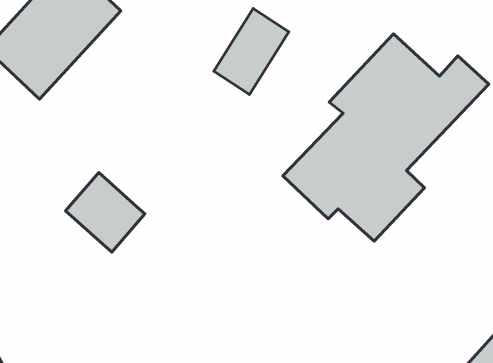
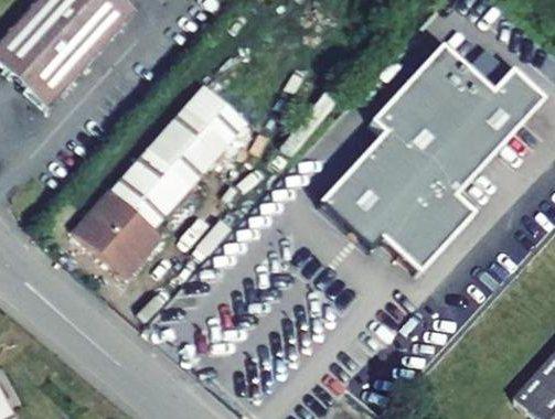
building: [214,8,289,95] -> none
building: none -> [113,88,247,228]

